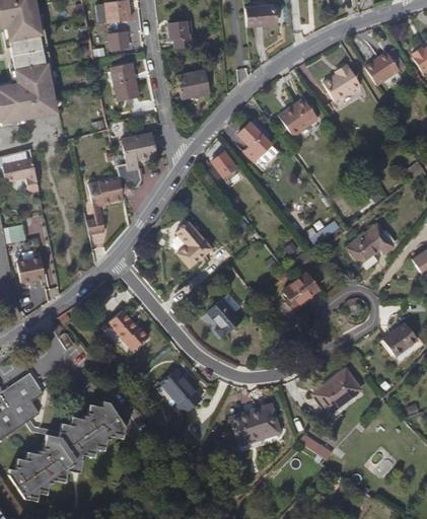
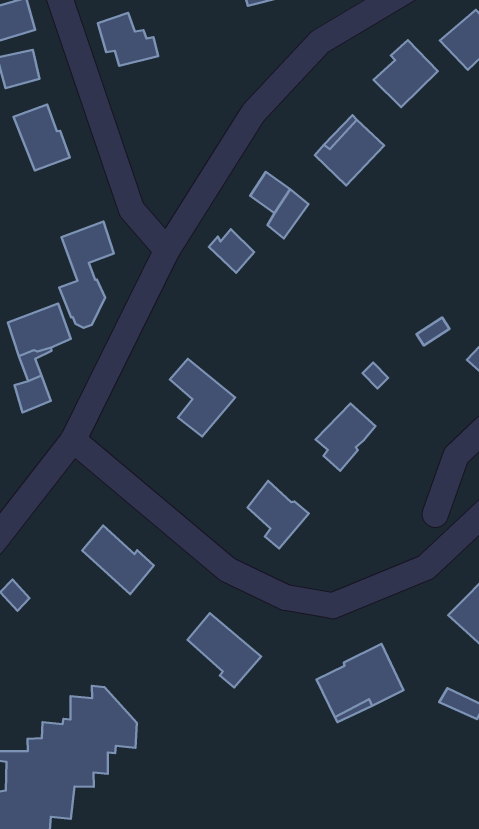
building: [179,70,211,97] -> none
building: [283,274,318,311] -> [315,403,375,471]

